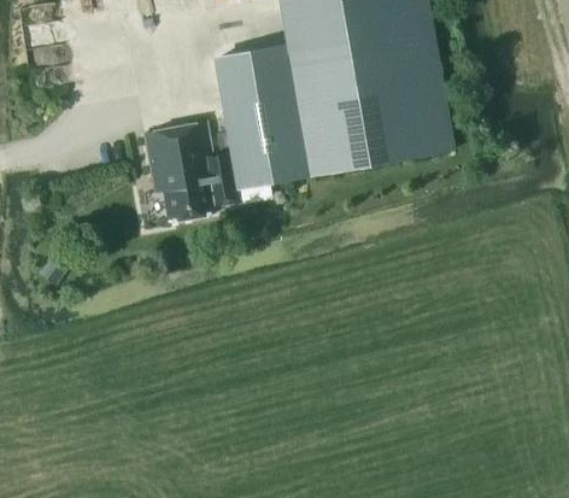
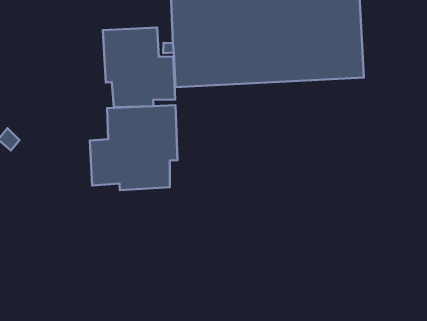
building: none -> [90,105,178,190]

